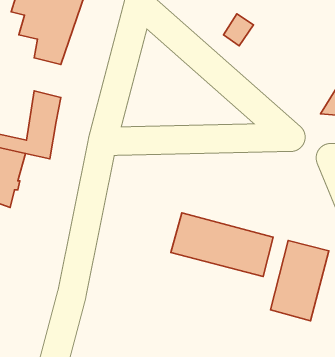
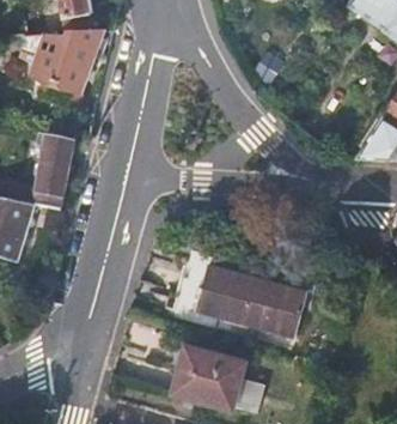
building: [270,241,329,321] -> none
building: none -> [172,347,246,411]

